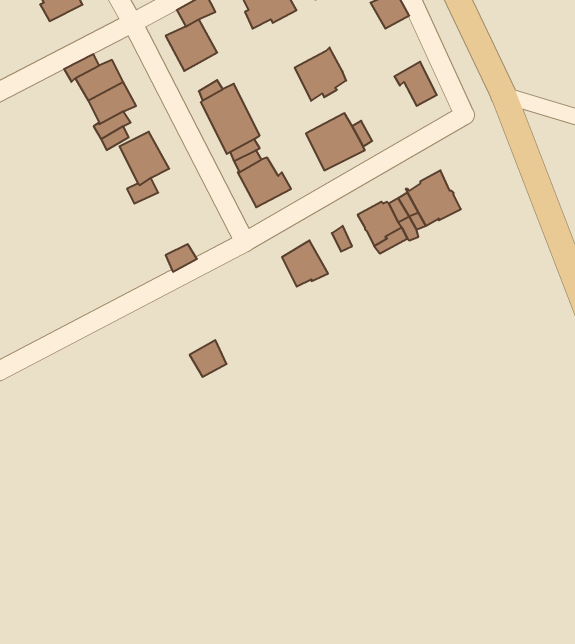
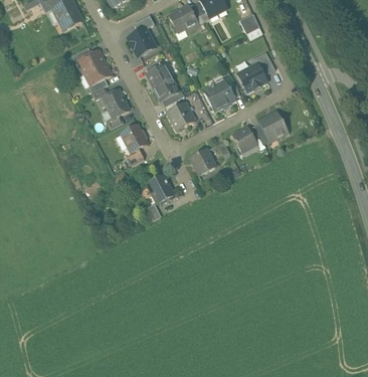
building: [295,47,346,101] -> [238,62,266,91]
building: none -> [122,125,148,152]
building: none -> [147,175,174,203]

